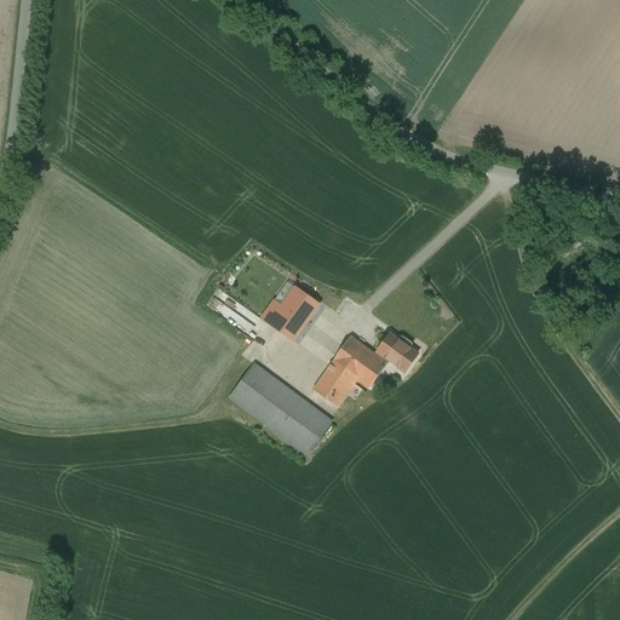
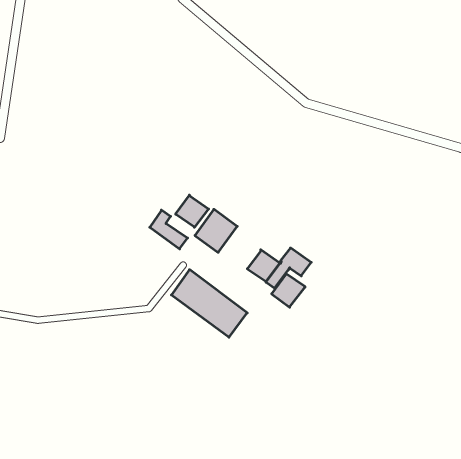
building: none -> [176,195,209,227]
building: [312,361,357,406] -> [272,274,305,307]

